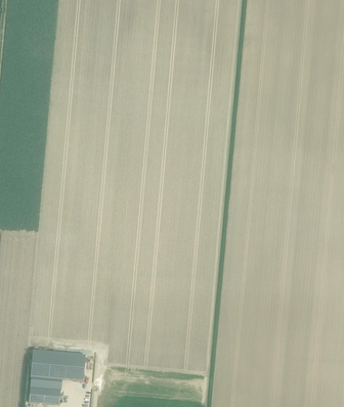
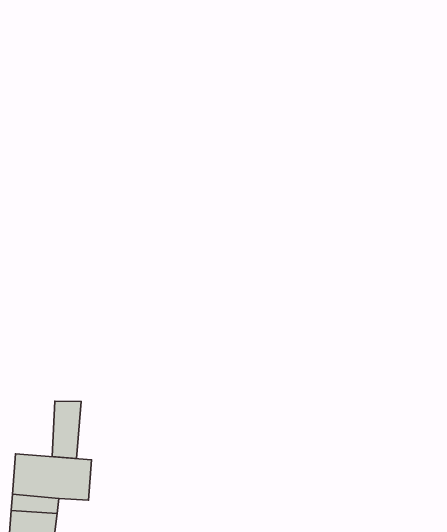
building: none -> [52,401,81,459]

